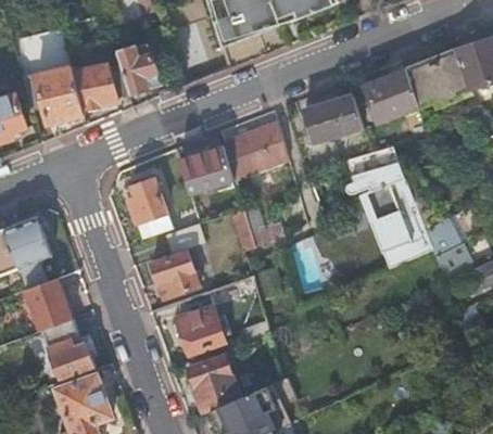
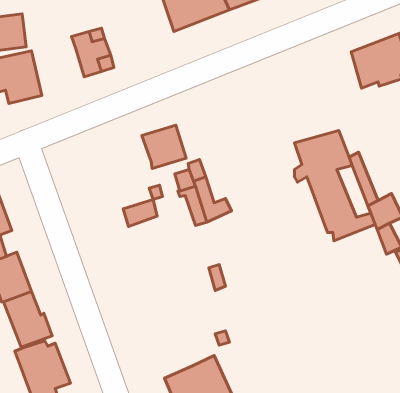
building: [68,59,126,111] -> none
building: [365,68,418,123] -> none
building: [304,94,364,141] -> none
building: [222,120,288,180] -> none
building: [128,179,170,239] -> none
building: [150,252,198,298] -> none
building: [176,306,224,354] -> none
building: [186,355,242,413] -> none

